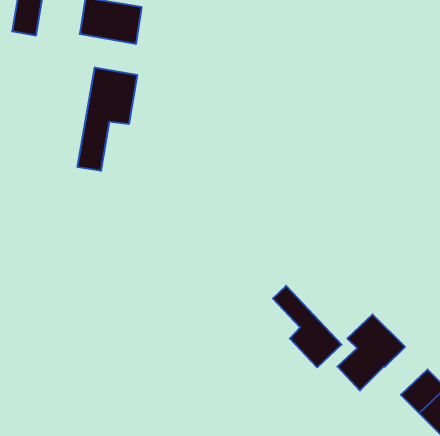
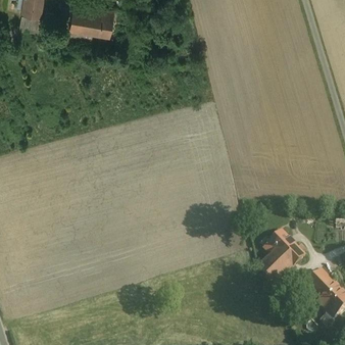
building: [78,67,137,171] -> none
building: [273,286,342,367] -> none

